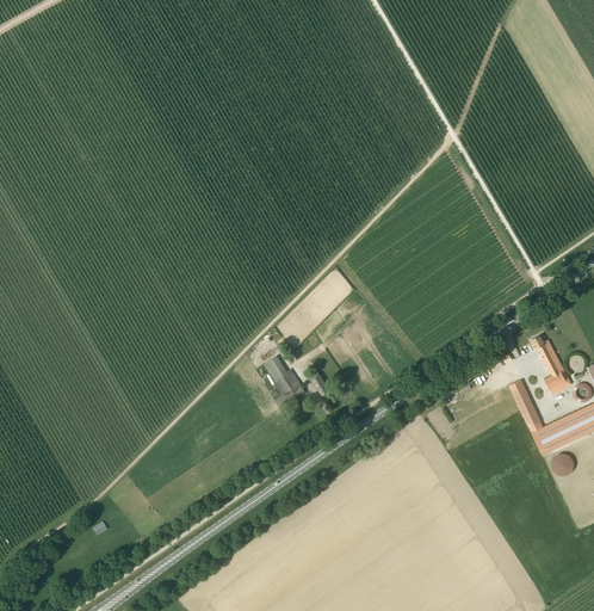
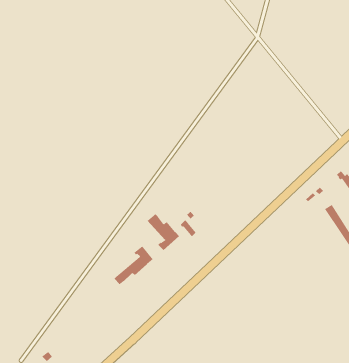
building: none -> [113,246,153,285]

